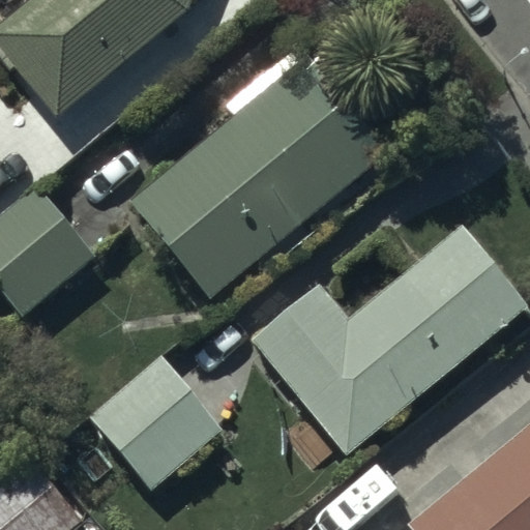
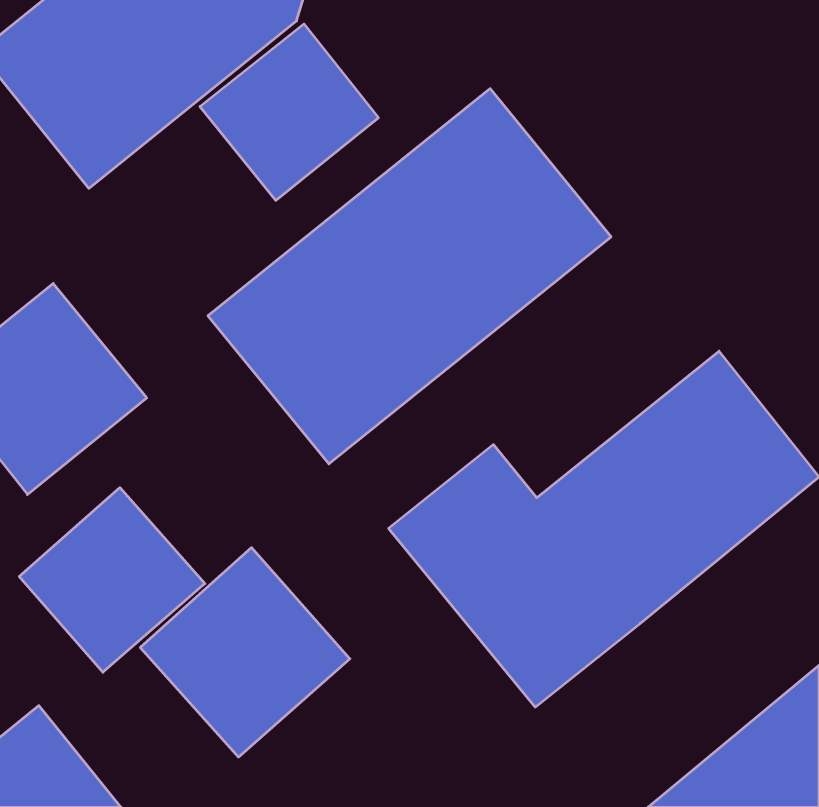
building: none -> [200,24,378,200]
building: none -> [19,488,205,672]

